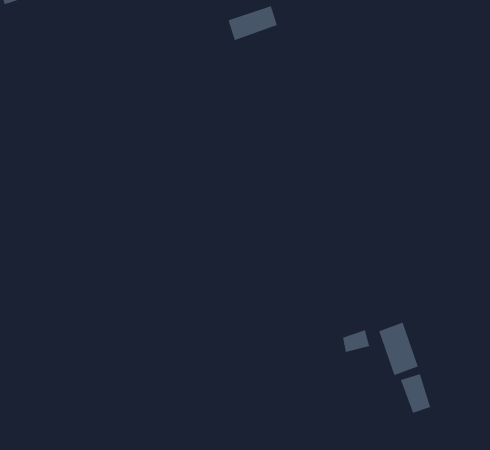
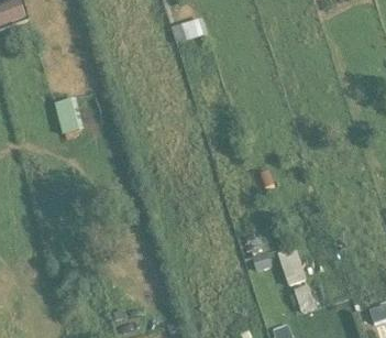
building: none -> [54,95,81,130]

